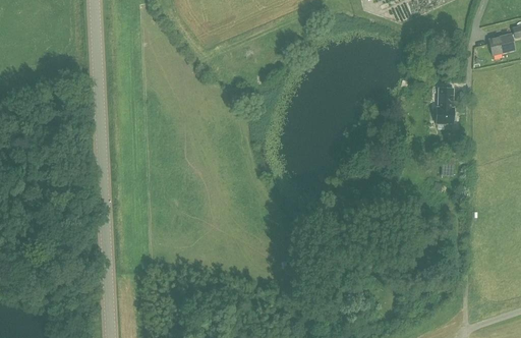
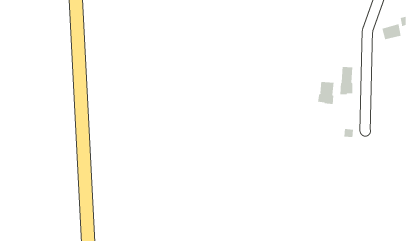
building: none -> [317,81,334,105]

